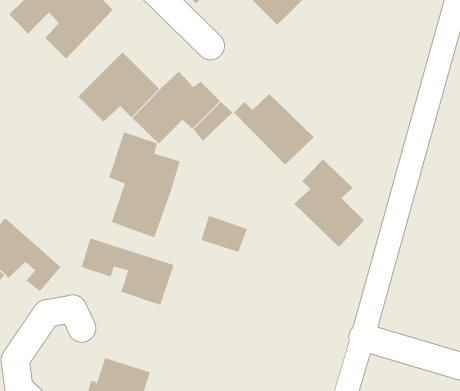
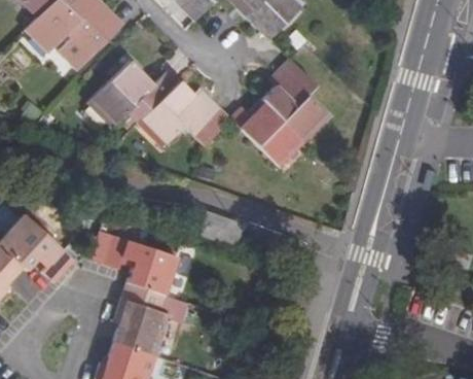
building: [108,132,180,238] -> none
building: [294,159,365,248] -> [263,59,328,140]
building: none -> [113,281,169,354]

